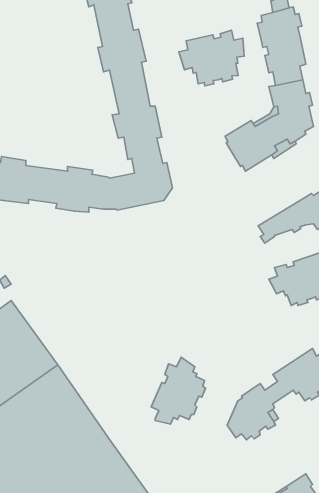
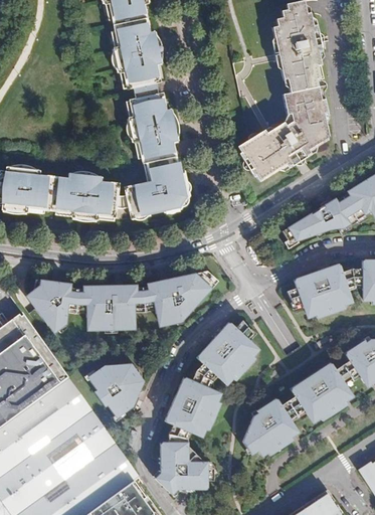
building: [179,30,244,86] -> none
building: none -> [16,276,211,339]
building: none -> [196,320,256,382]
building: none -> [85,361,143,416]
building: none -> [153,436,213,498]

